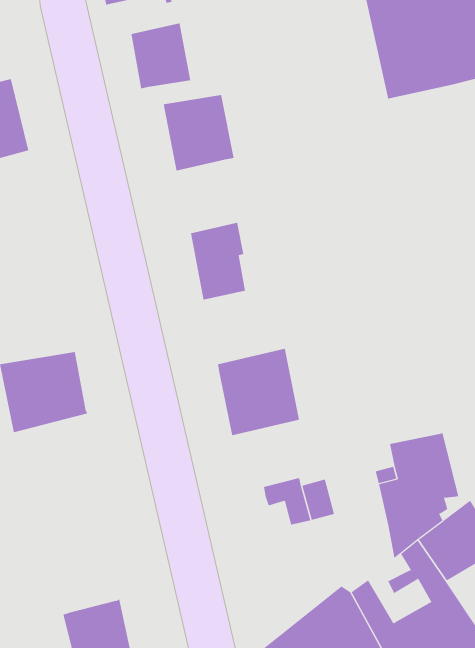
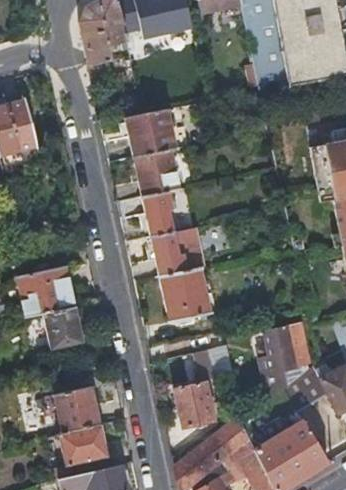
building: [131,23,191,89] -> none
building: none -> [131,148,170,194]
building: none -> [148,230,200,276]
building: none -> [29,307,83,352]
building: none -> [177,384,216,429]
building: none -> [53,386,94,432]

